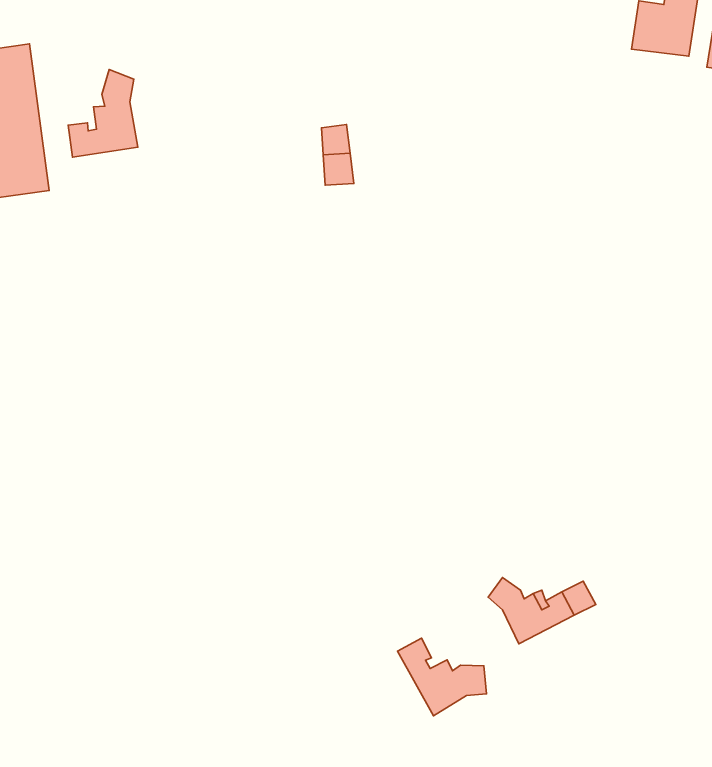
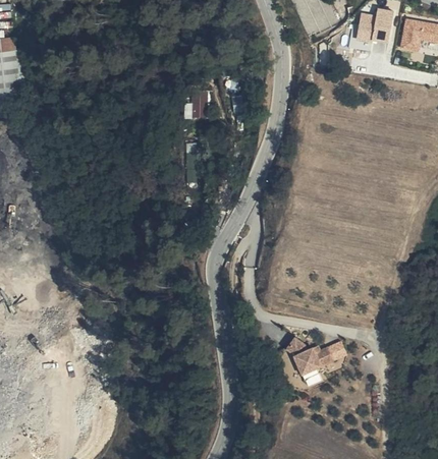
building: [68,70,138,157] -> none
building: [397,638,487,716] -> none

